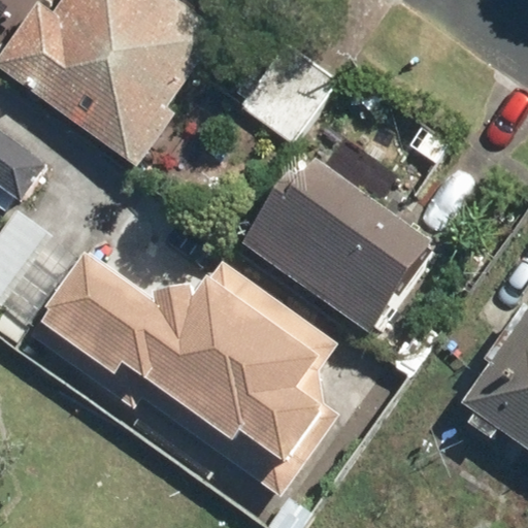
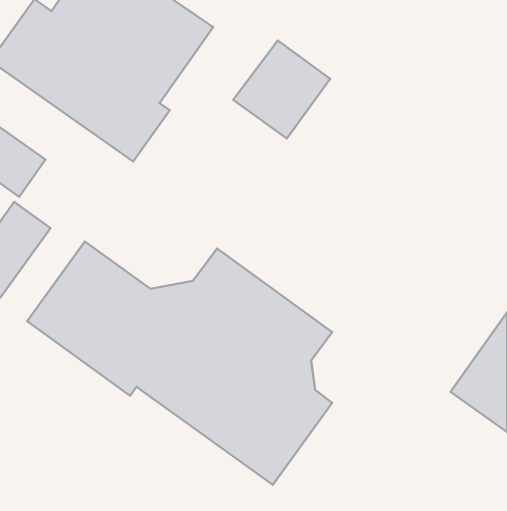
building: [240,160,434,334] -> none

